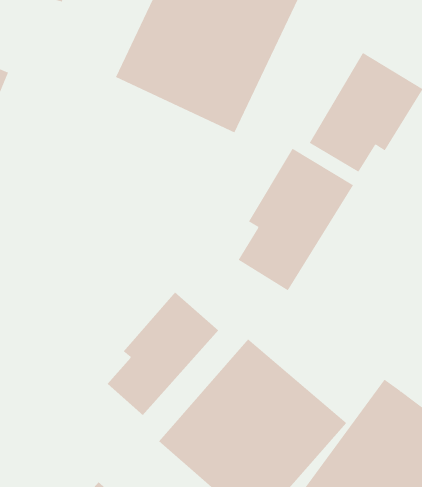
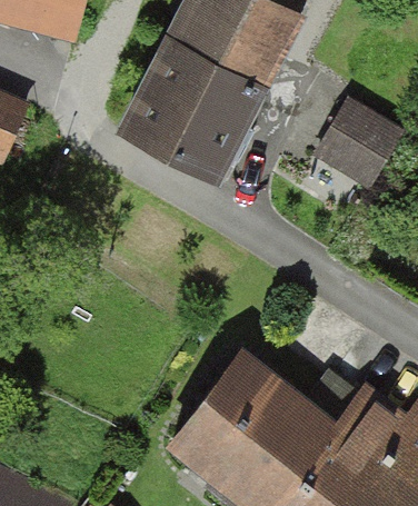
building: [238,148,354,291] -> none
building: [107,292,219,416] -> none

